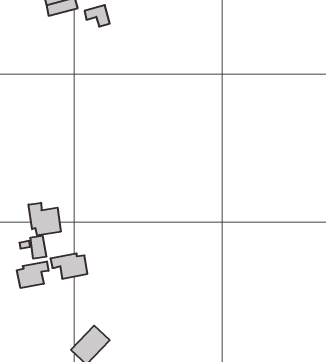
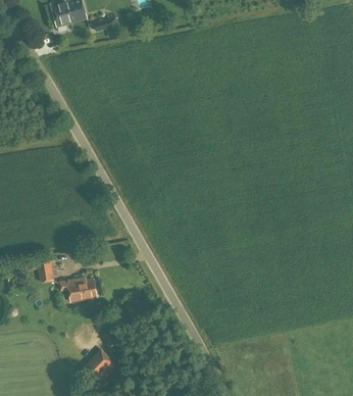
building: [29,203,61,236] -> none
building: [17,261,48,288] -> none

